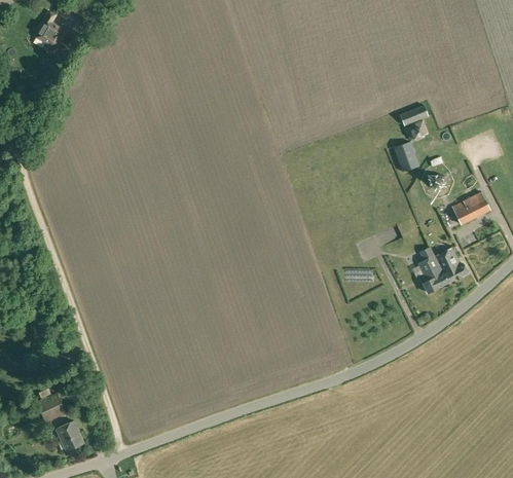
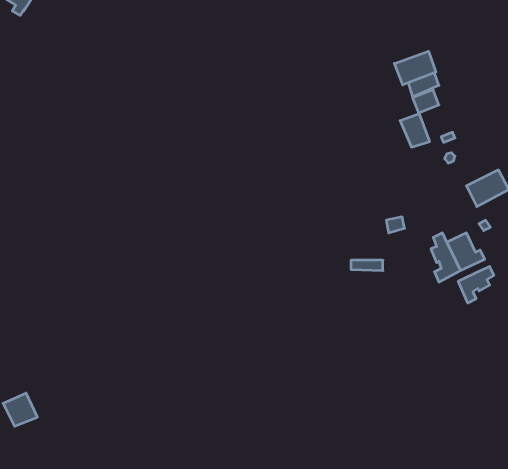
building: none -> [394,51,436,85]
building: none -> [458,266,494,303]
building: [54,420,83,450] -> none

